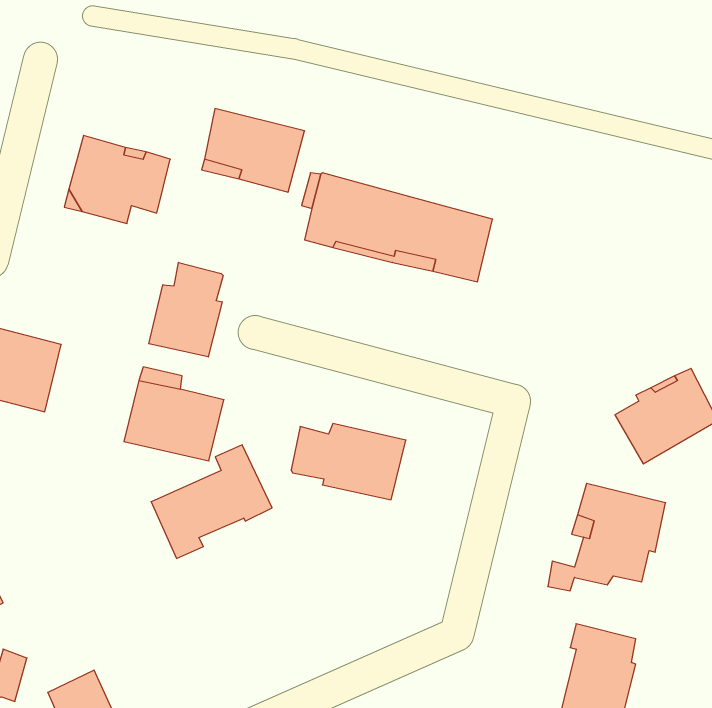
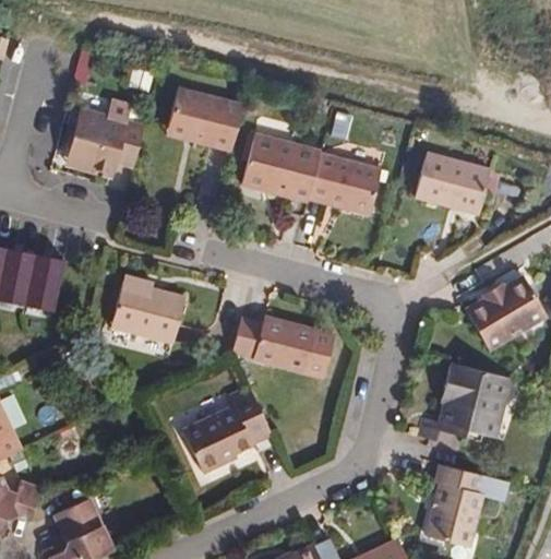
building: none -> [418,152,492,209]
building: [149,262,223,357] -> none
building: [151,445,272,558] -> [183,389,272,472]

